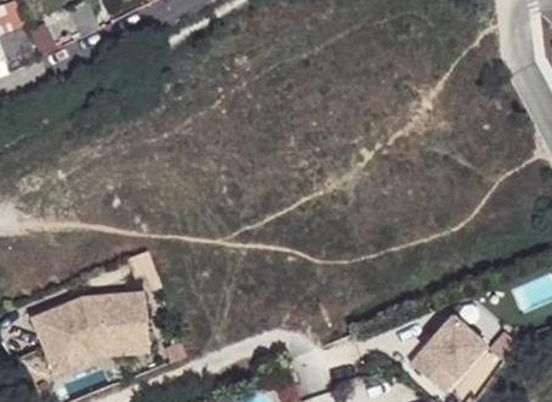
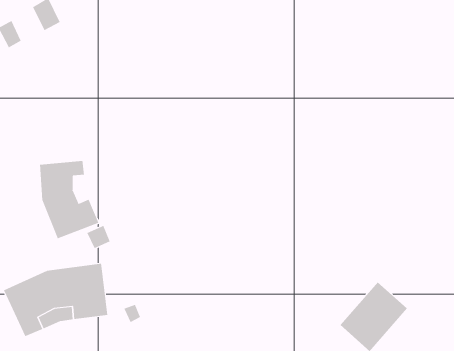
building: none -> [39,160,99,239]

